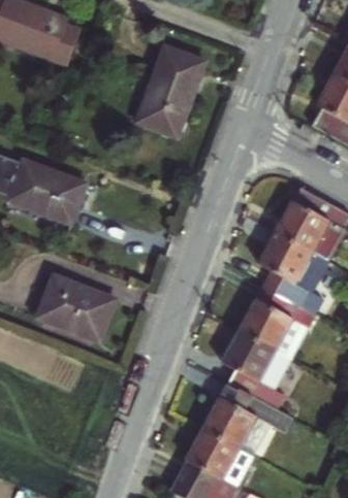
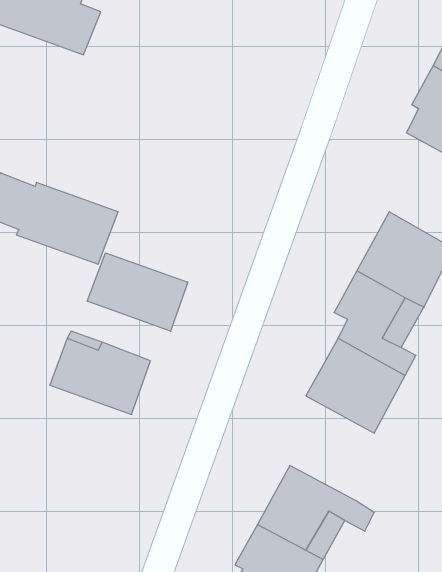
building: [137,46,207,137] -> none
building: none -> [87,253,188,331]
building: [219,327,289,407] -> none

